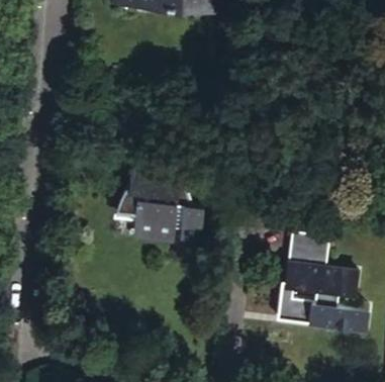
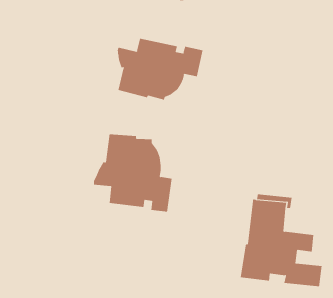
building: none -> [117,38,203,100]

